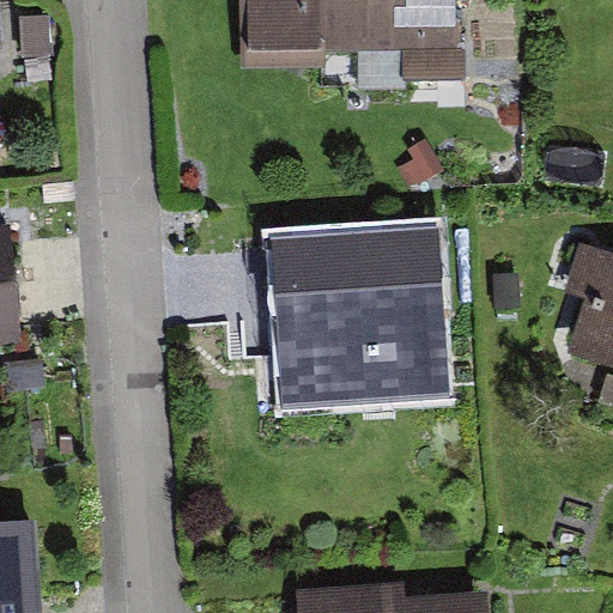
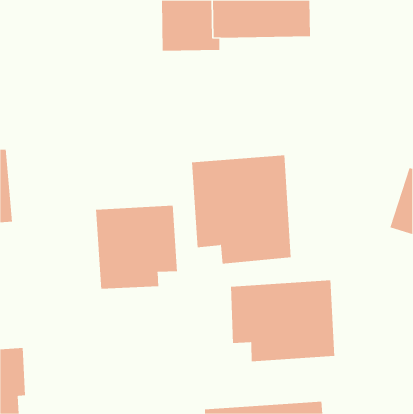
building: none -> [95,205,178,289]
building: none -> [231,279,335,362]

